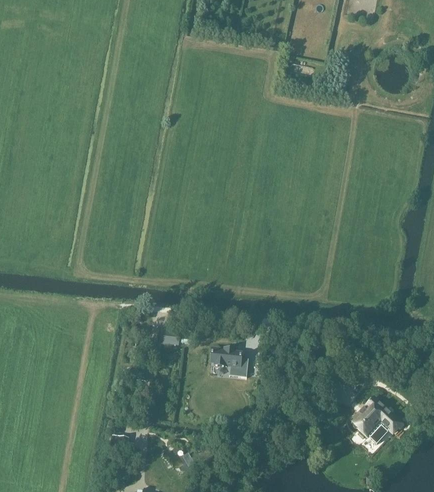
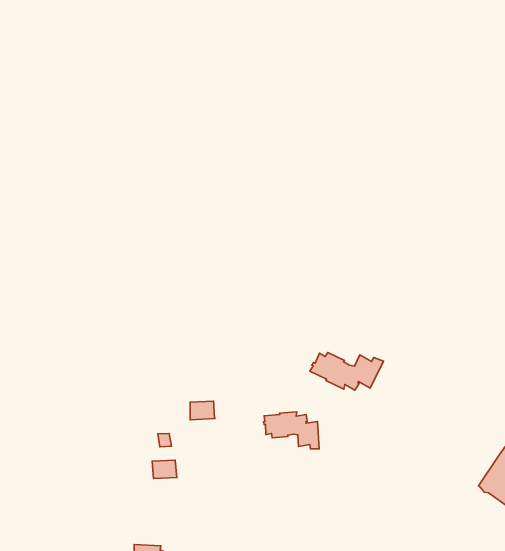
building: none -> [310,352,383,390]

